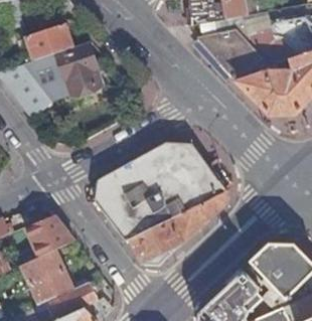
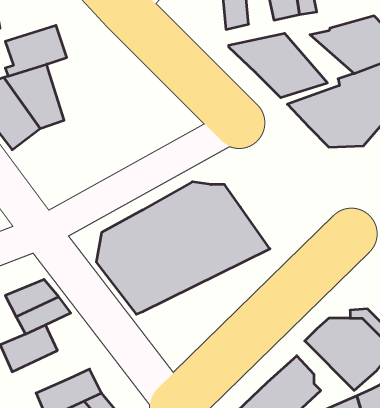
building: [57,45,100,95] -> none
building: [129,191,224,266] -> none
building: [30,268,73,304] -> none

